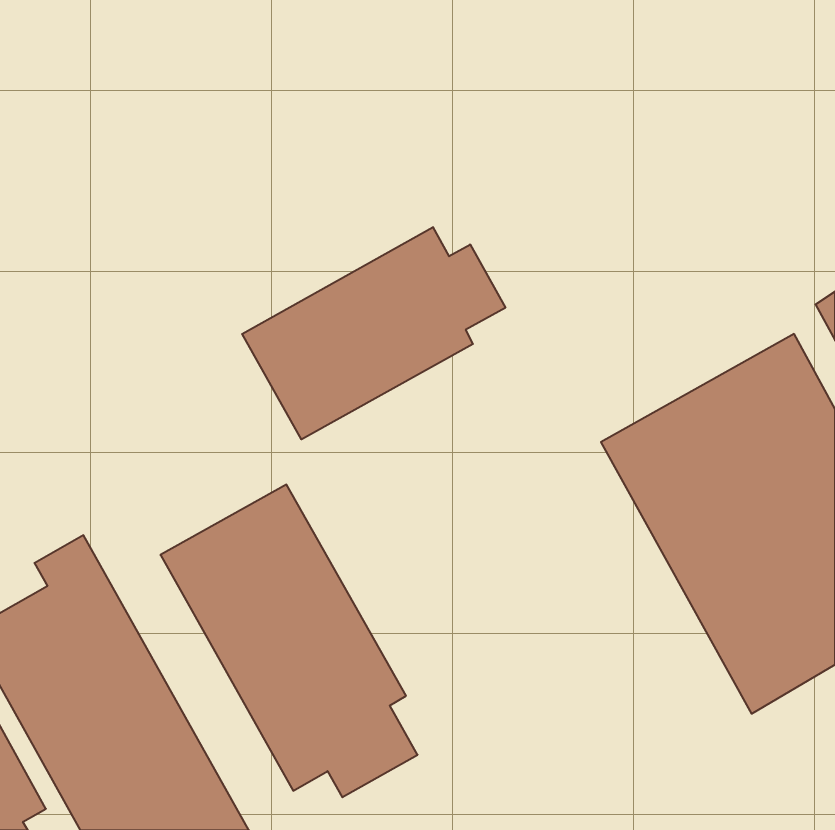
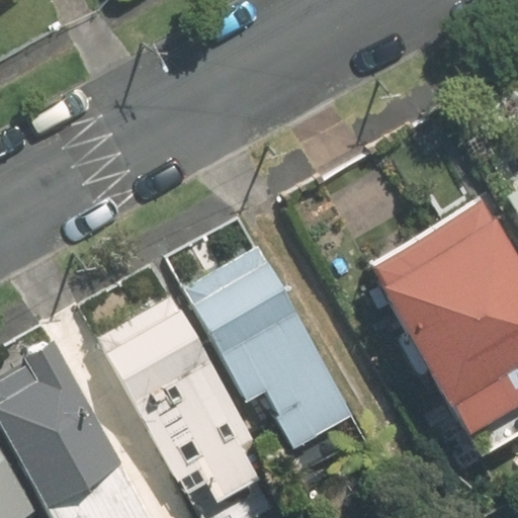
building: [242,227,505,439] -> none
building: none -> [187,252,348,438]

